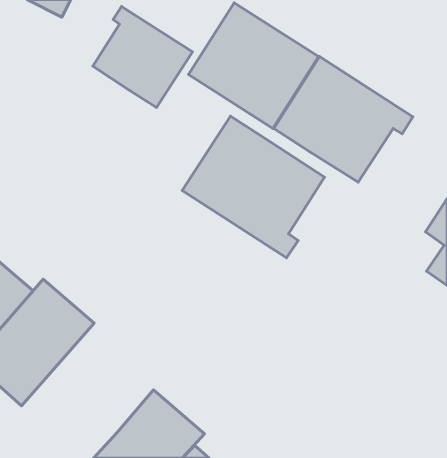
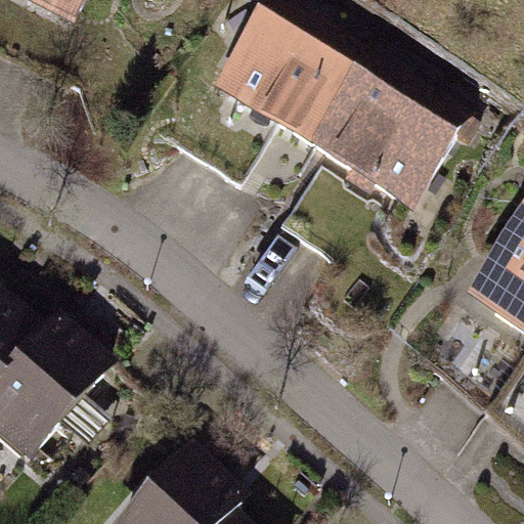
building: [93,6,192,107] -> none
building: [182,116,324,258] -> none

